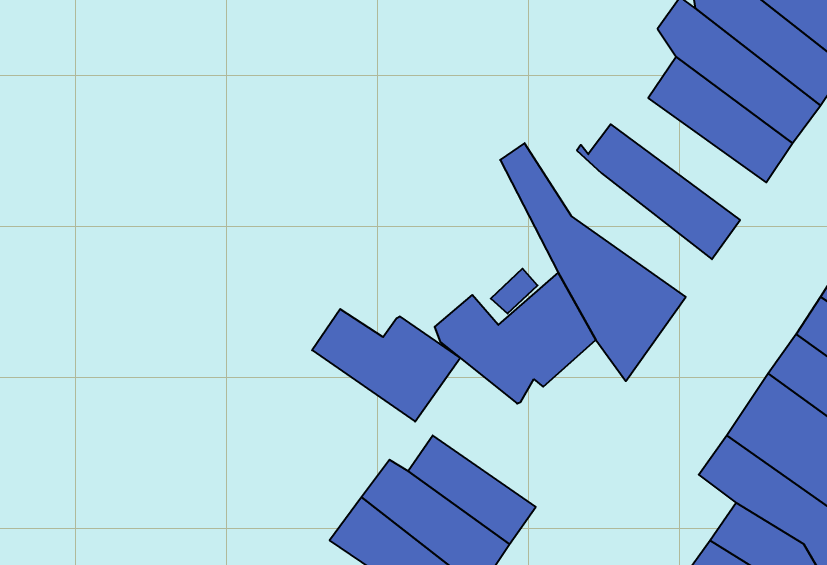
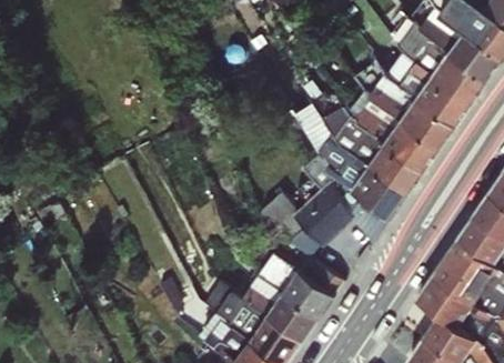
building: none -> [355,61,456,148]
building: none -> [313,90,424,193]
building: [312,309,460,422] -> [259,251,346,317]

